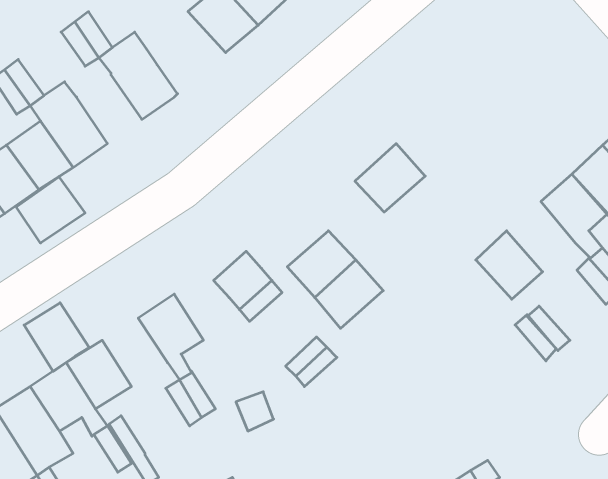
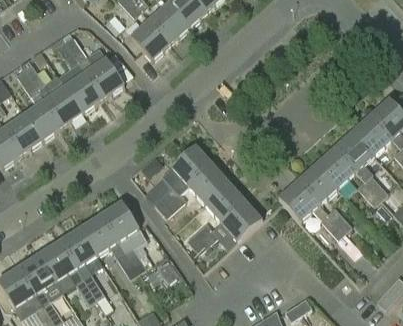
building: none -> [64,73,102,113]
building: [355,144,425,212] -> [170,145,211,185]
building: [16,177,85,243] -> none
building: none -> [315,147,355,188]
building: none -> [277,181,318,222]
building: none -> [218,199,261,242]
building: [24,303,89,371] -> [79,215,117,255]

